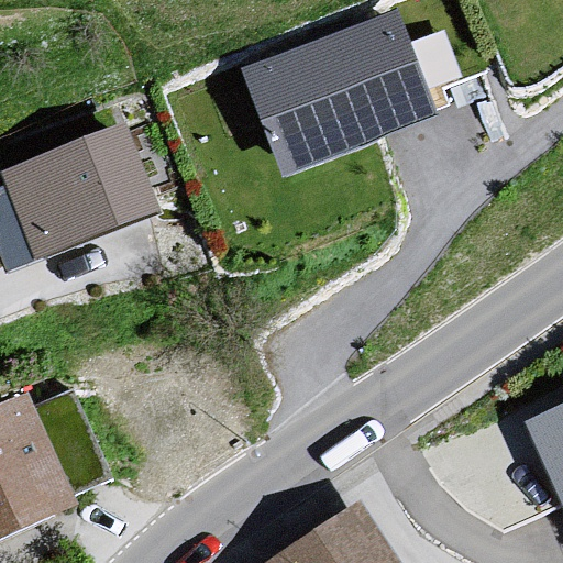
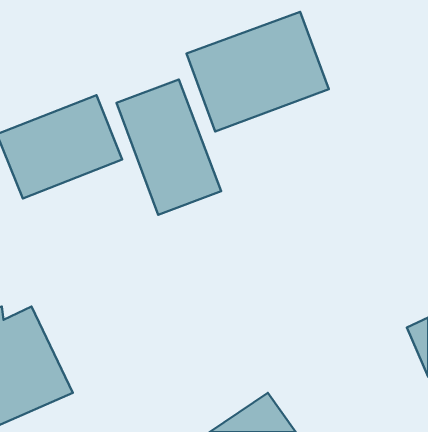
building: none -> [116,79,221,215]

